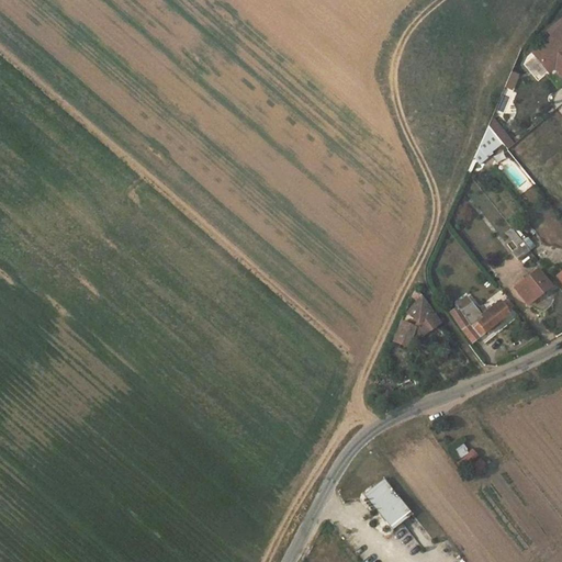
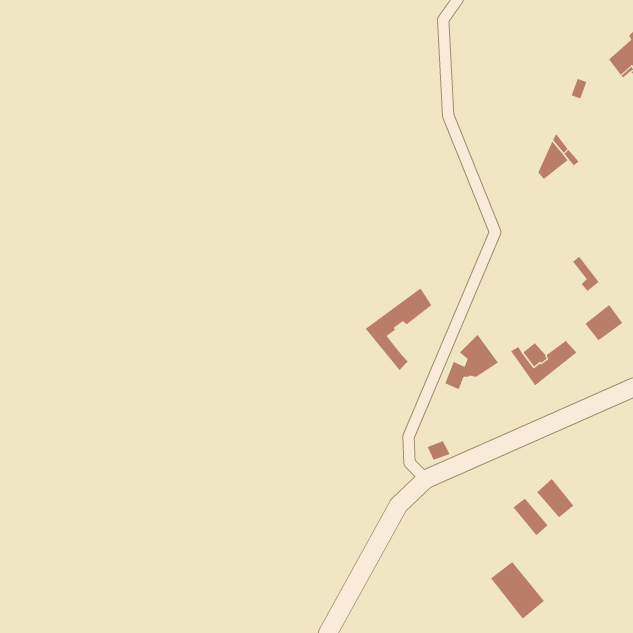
building: none -> [365,288,432,371]
building: none -> [537,478,574,518]
building: [366,477,414,529] -> [490,561,545,619]

